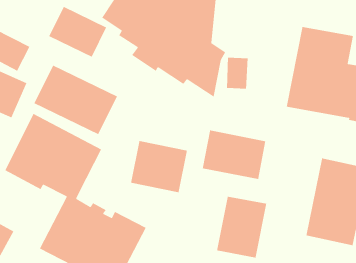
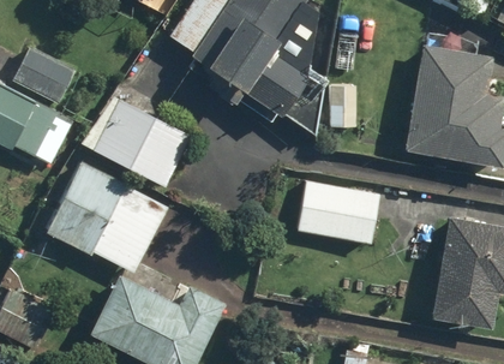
building: [48,6,107,58] -> none
building: [130,140,188,193] -> none
building: [216,196,267,258] -> none

